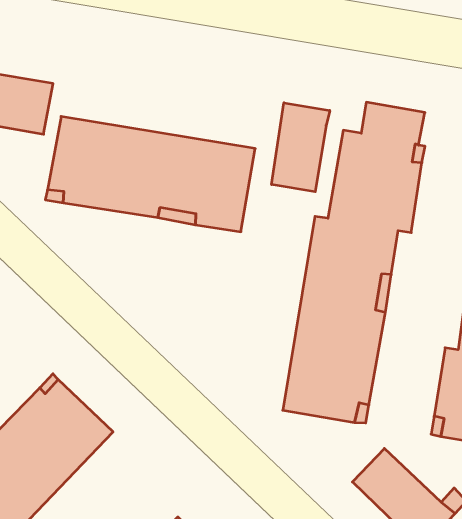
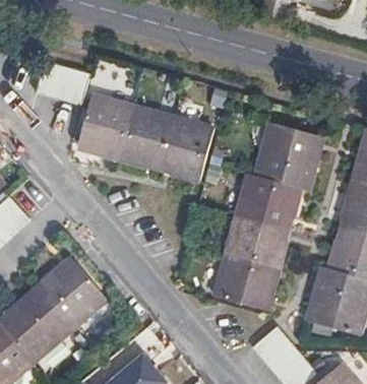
building: [272,103,330,192] -> none

